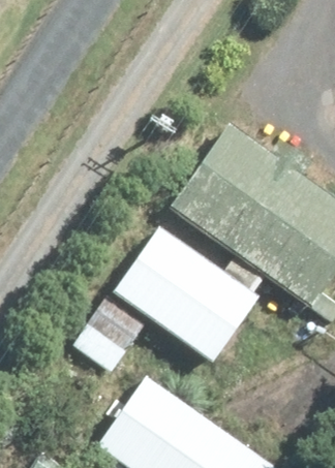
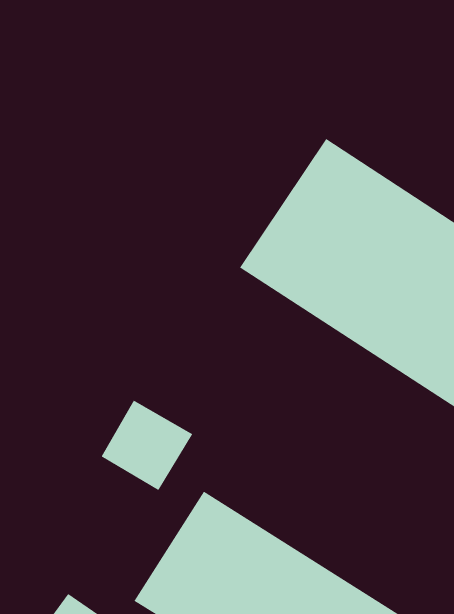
building: [116,232,251,360] -> none

